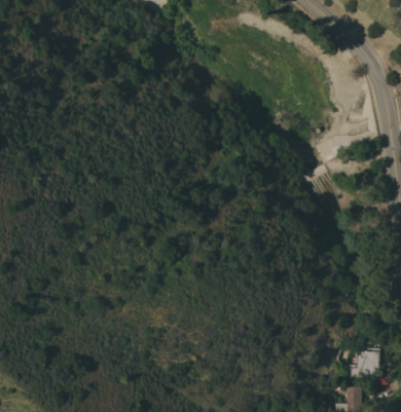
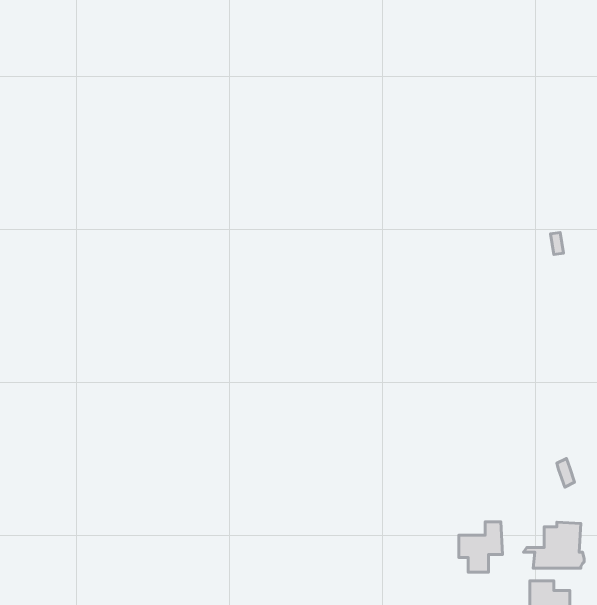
building: none -> [459,522,502,572]

